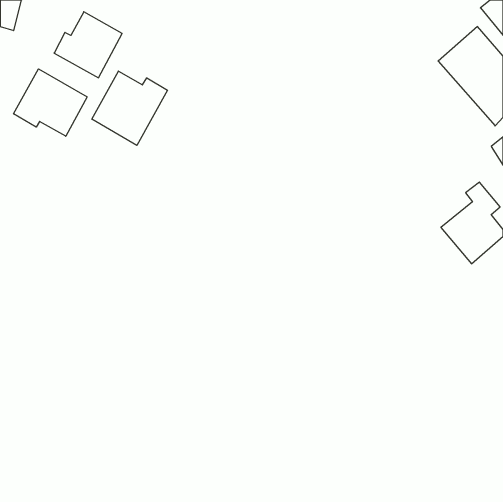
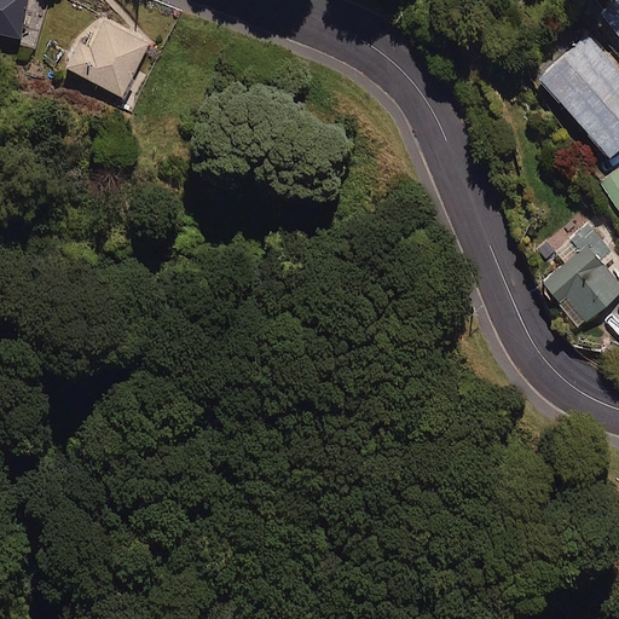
building: [14,69,87,136] -> none
building: [92,71,167,145] -> none

